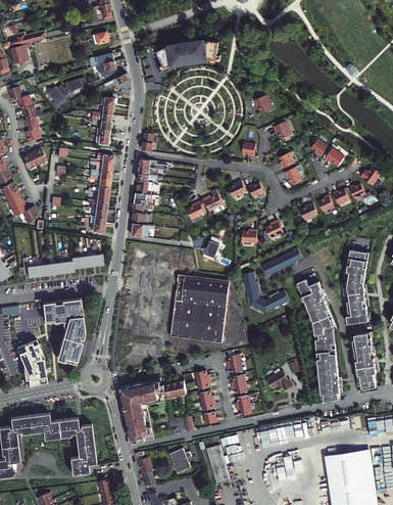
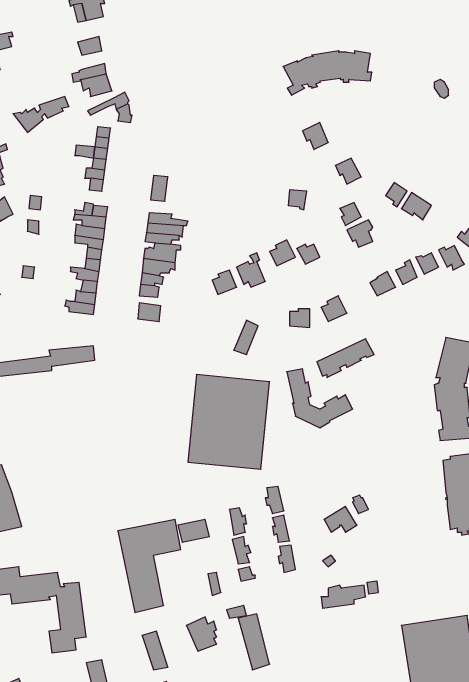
building: [156,40,219,72] -> [283,51,372,95]
building: [293,277,341,399] -> none
building: [42,296,85,364] -> none

